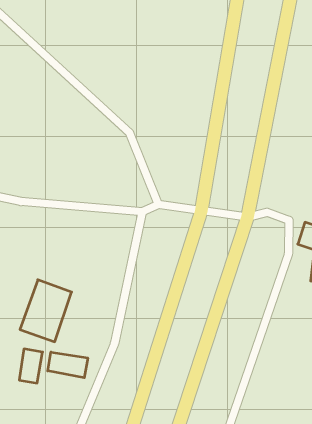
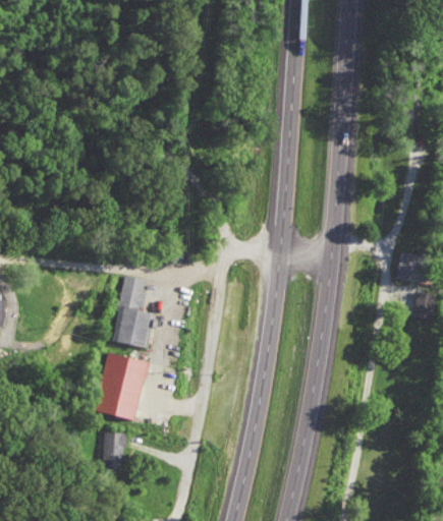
building: none -> [110,275,153,347]
building: [48,352,88,378] -> none

